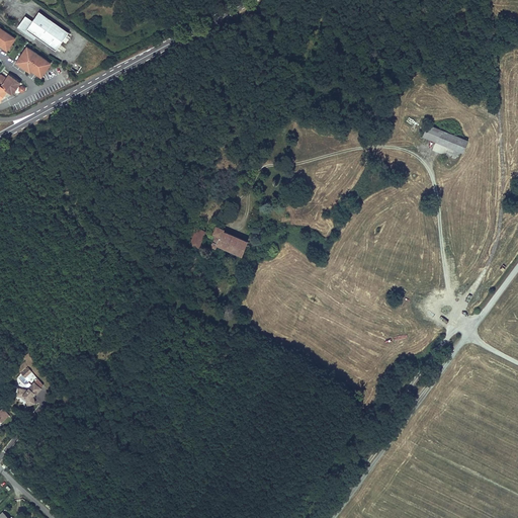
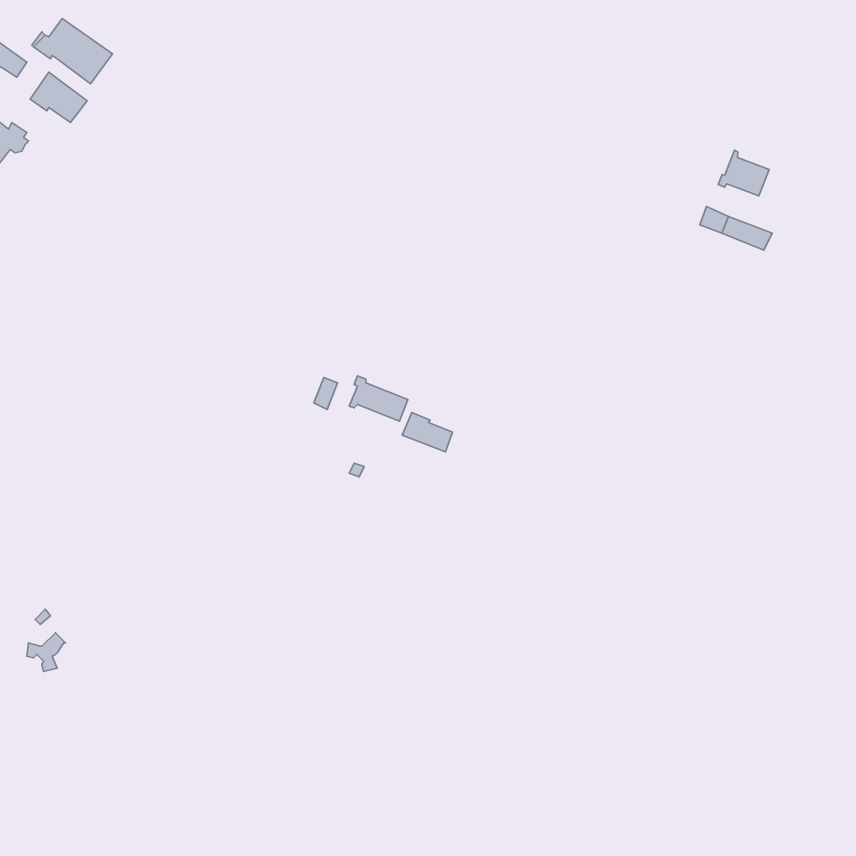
building: none -> [718,150,769,196]
building: none -> [402,413,452,452]

